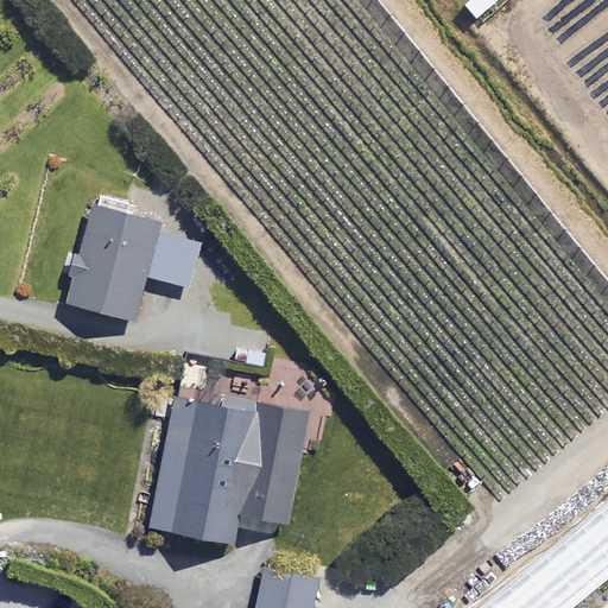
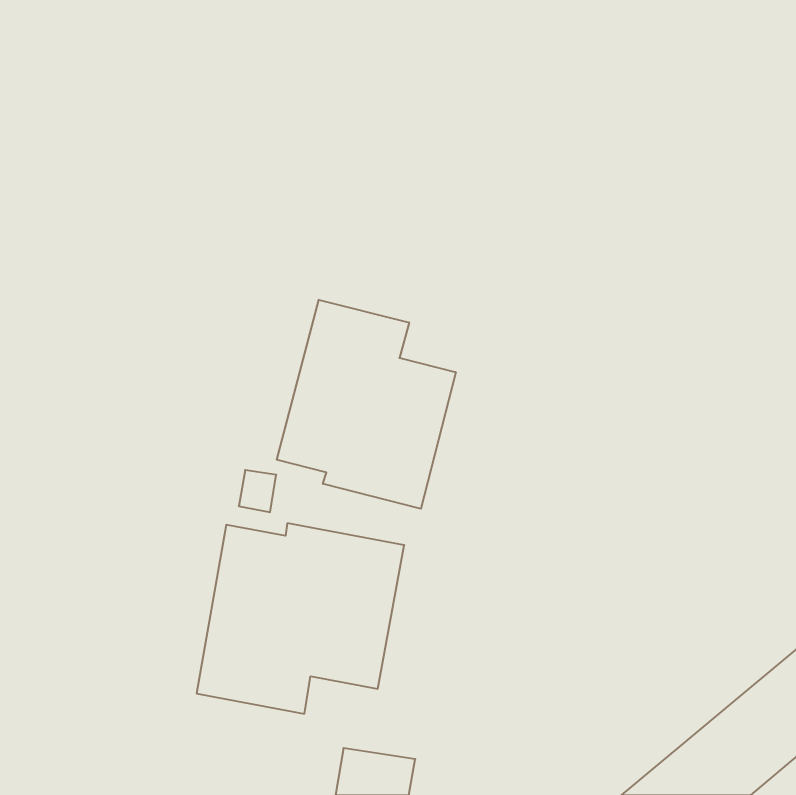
building: [69,208,200,321] -> none
building: none -> [277,300,456,509]

